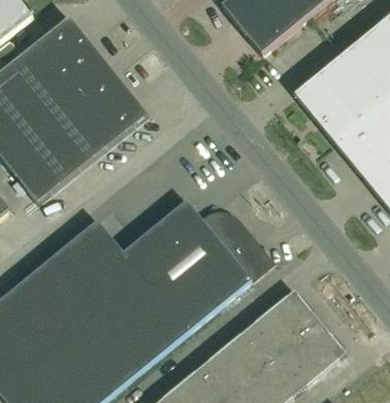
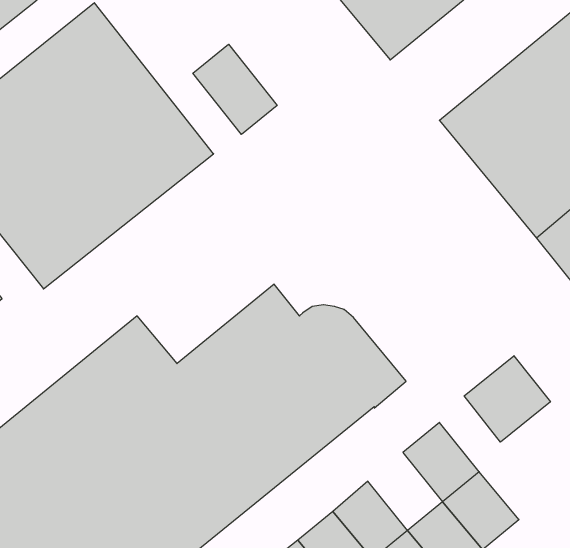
building: none -> [193,44,277,134]
building: none -> [464,356,550,442]
building: [248,308,296,359] -> none

